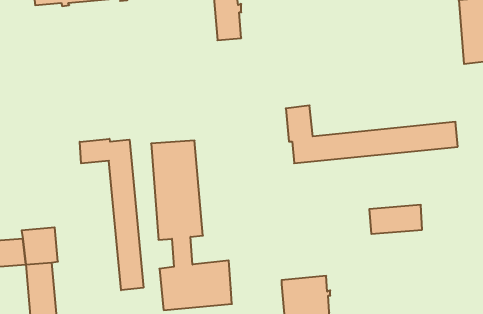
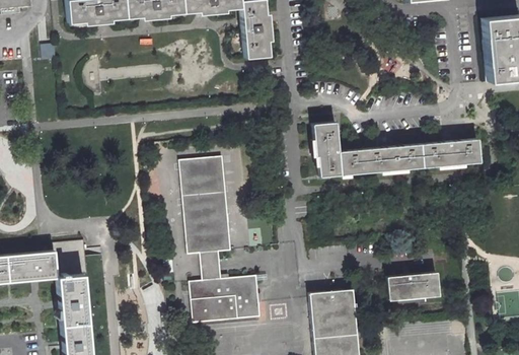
building: [80,139,143,290] -> none
building: [369,205,422,234] -> [387,274,439,302]

